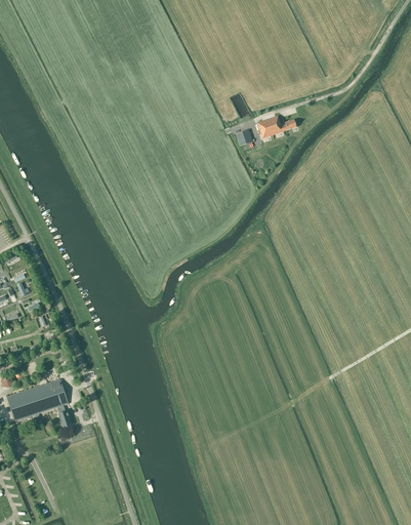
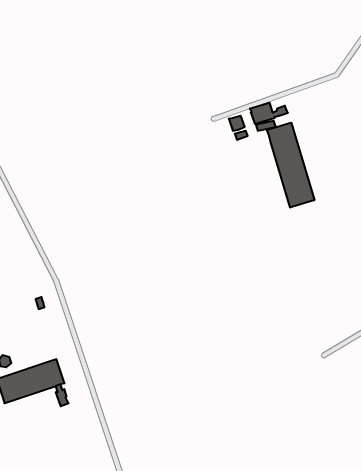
building: none -> [267,123,314,208]

